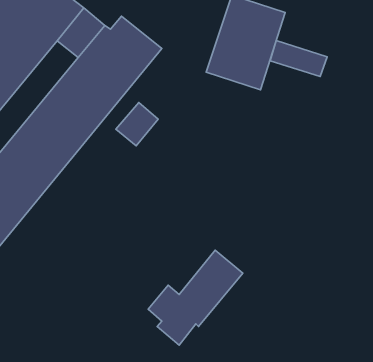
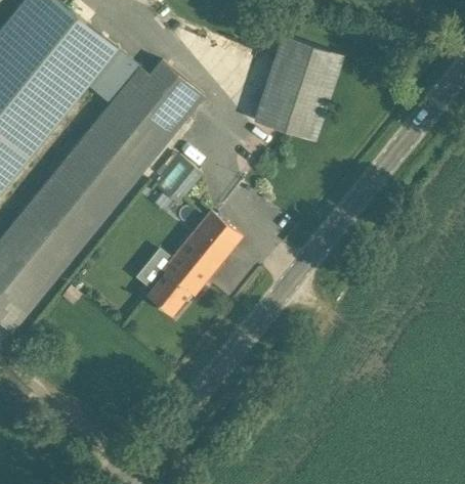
building: [270,40,327,77] -> none
building: [148,250,243,345] -> [136,212,242,317]

